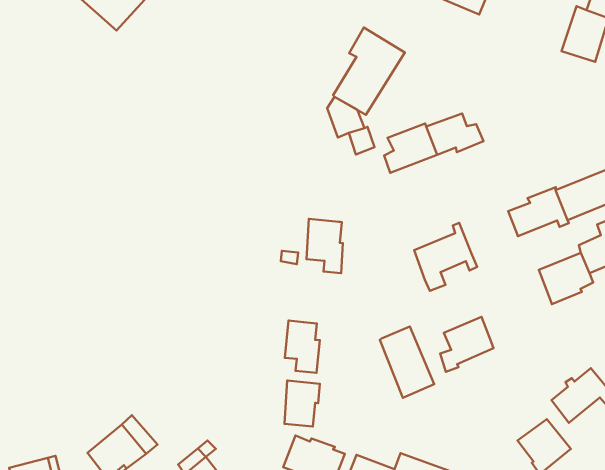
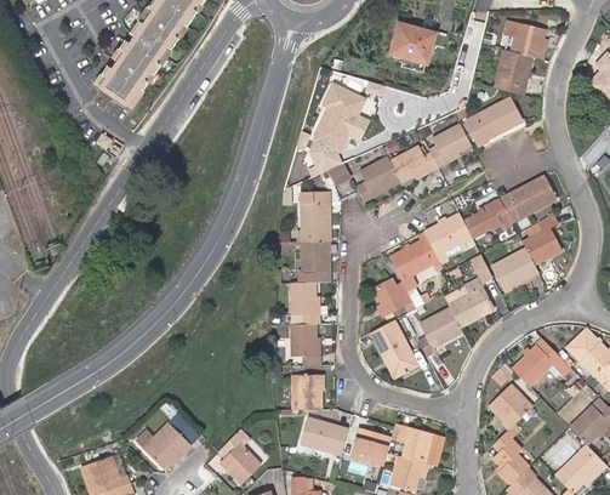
building: none -> [466,96,521,146]
building: none -> [429,123,471,166]
building: none -> [297,197,332,244]
building: none -> [423,215,471,257]
building: none -> [292,284,323,326]
building: none -> [374,280,411,315]
building: none -> [447,279,494,328]

